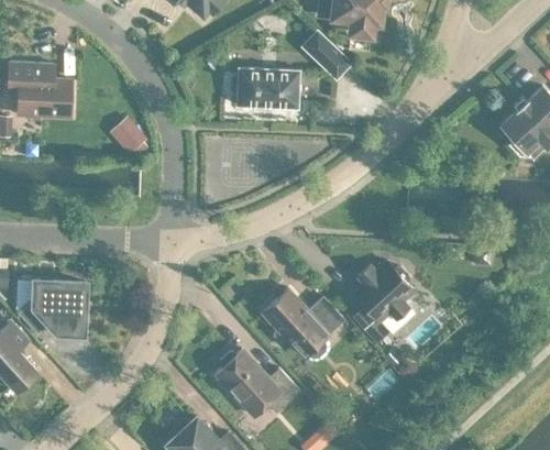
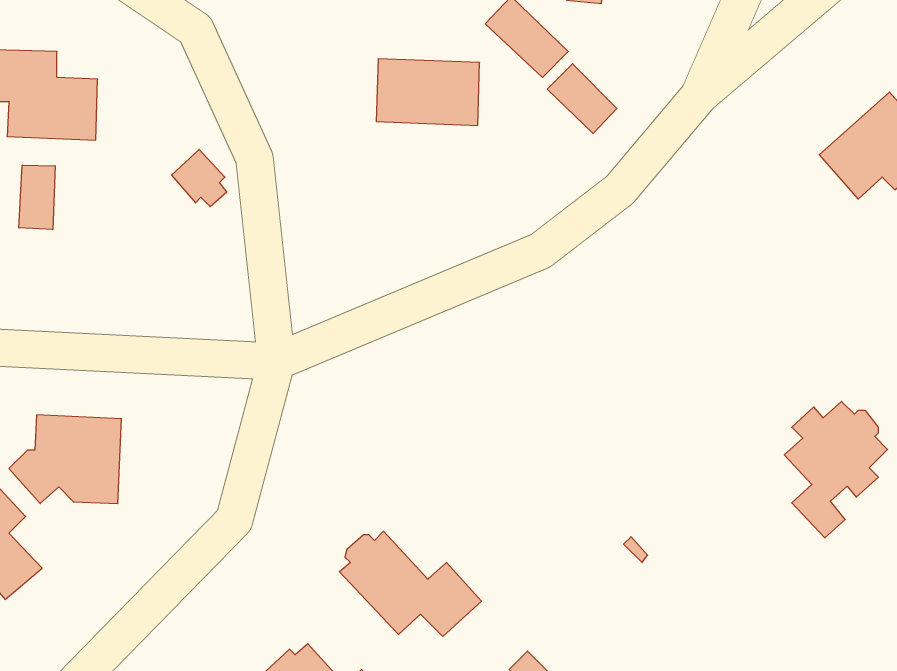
building: none -> [547,64,617,134]
building: none -> [19,165,55,230]
building: [352,262,414,343] -> [784,401,888,538]
building: [261,288,342,358] -> none

